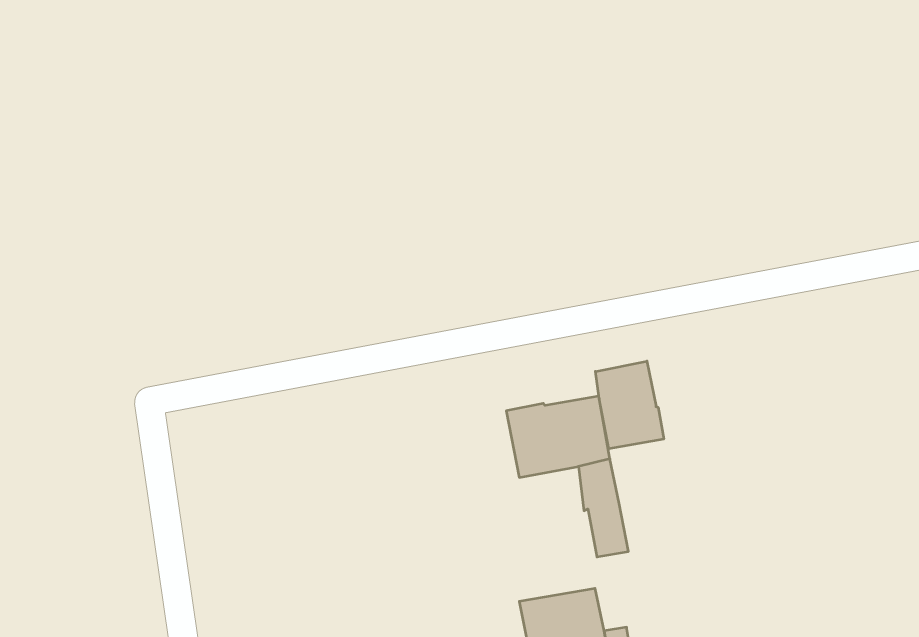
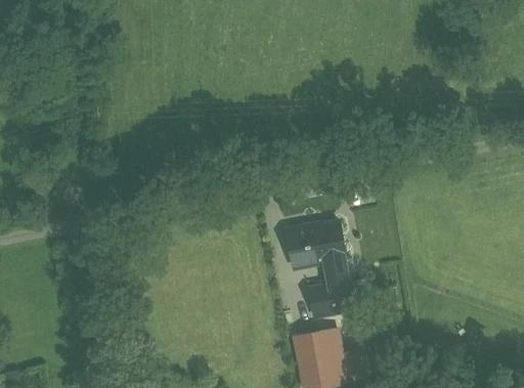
building: [595,361,664,449] -> none
building: none -> [308,284,336,314]

